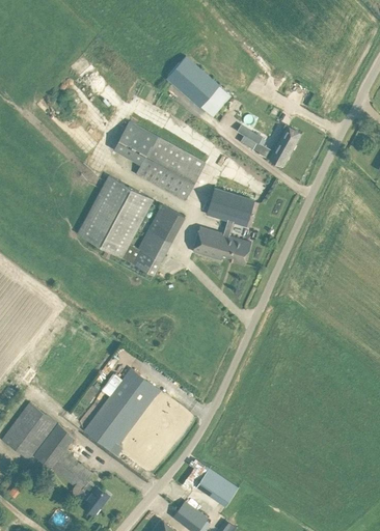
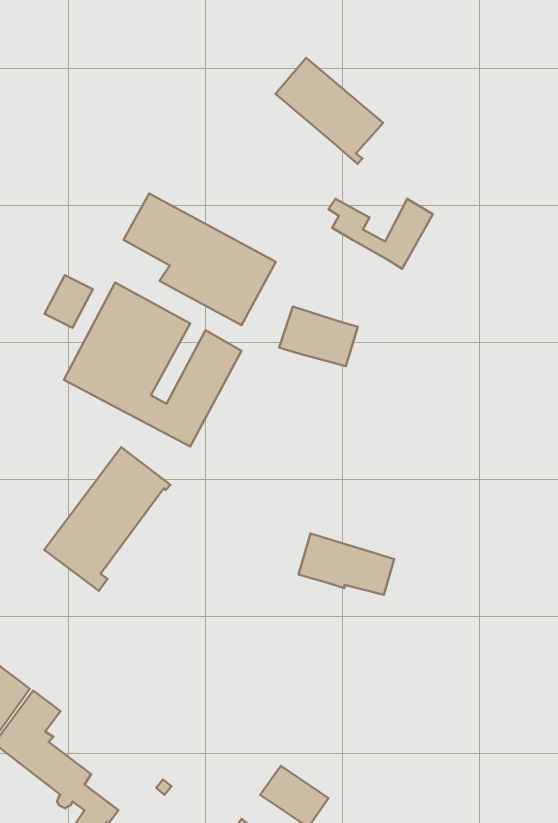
building: [166,56,232,120] -> [275,58,383,164]
building: none -> [45,275,93,328]
building: [193,227,251,264] -> [298,533,394,595]
building: [84,368,161,455] -> [44,447,171,591]

